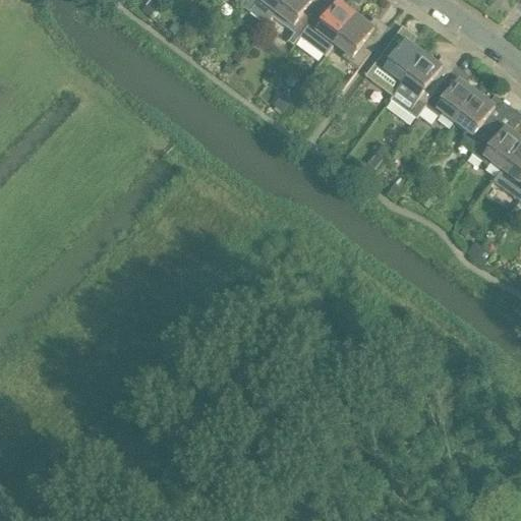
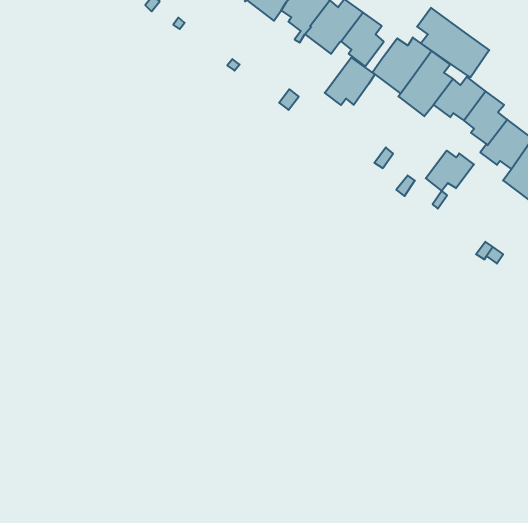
building: none -> [417,8,489,77]
building: none -> [325,57,375,105]
building: none -> [426,151,474,191]

